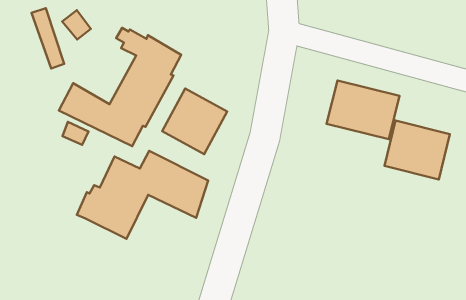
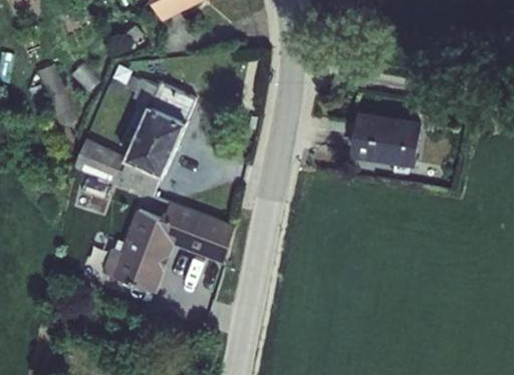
building: [162,89,227,154] -> none
building: [384,121,450,179] -> none

